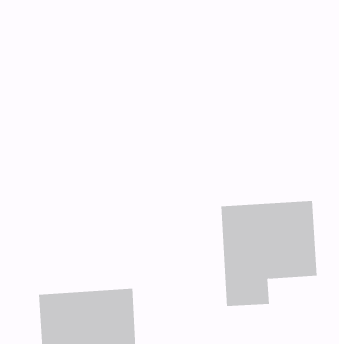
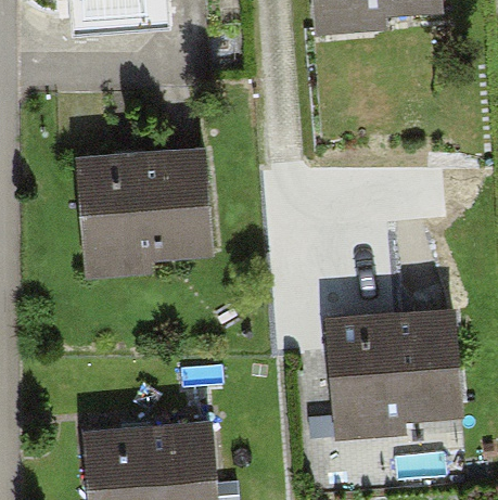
building: none -> [69,144,207,281]

